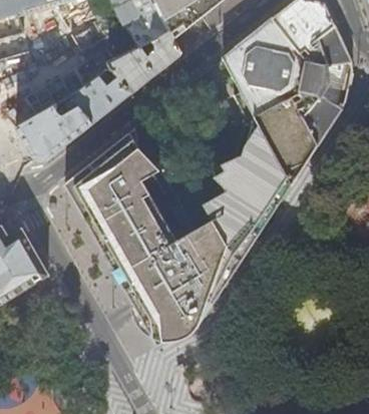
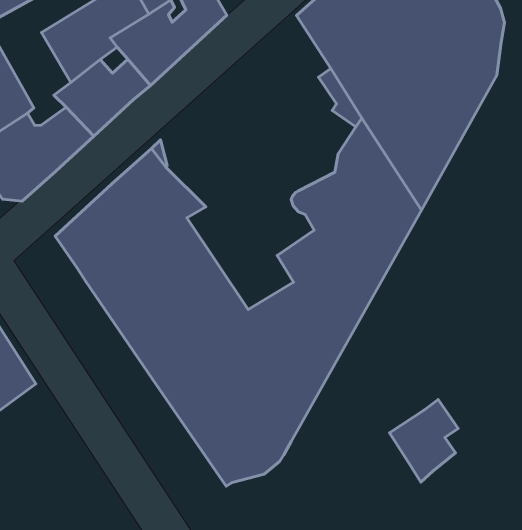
building: none -> [389,400,458,482]

